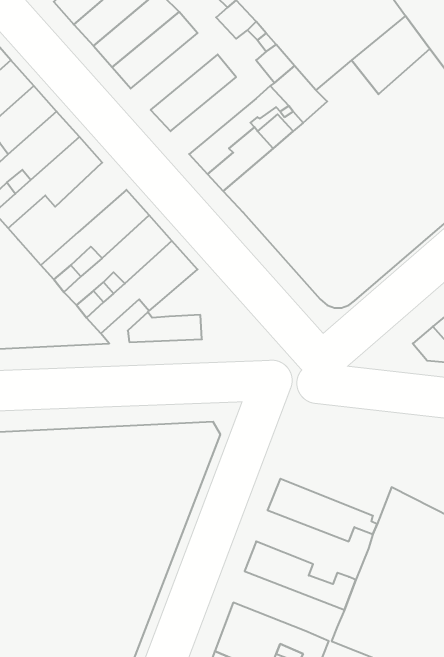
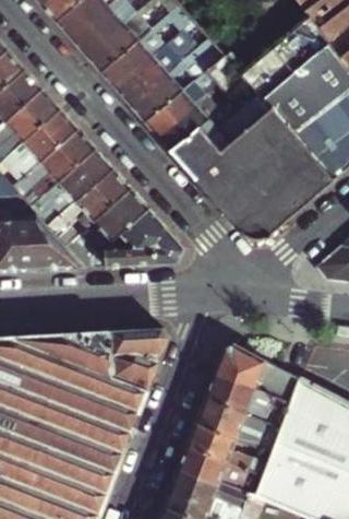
building: none -> [100,30,167,89]
building: none -> [131,63,196,122]
building: none -> [14,129,97,199]
building: none -> [121,211,185,264]
building: none -> [215,343,300,406]
building: none -> [196,396,282,449]
building: none -> [179,443,264,488]

